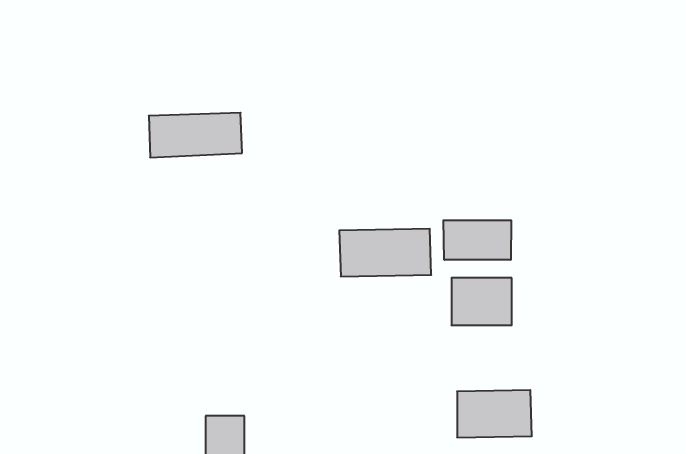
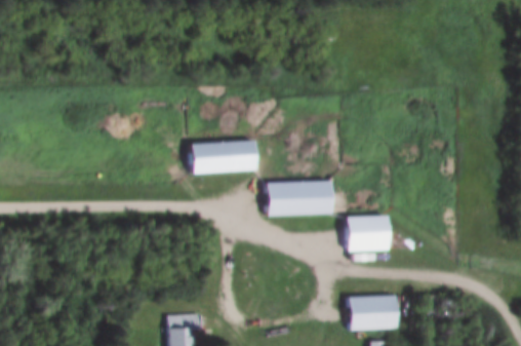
building: [149,113,242,157] -> [191,142,257,174]
building: [443,220,511,260] -> none

